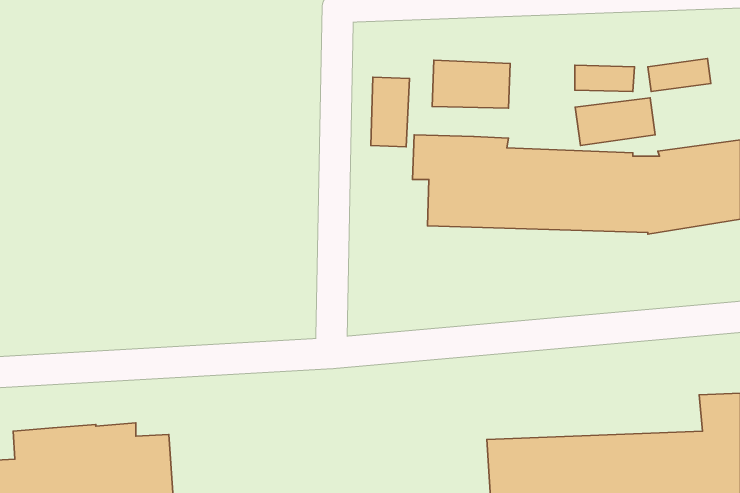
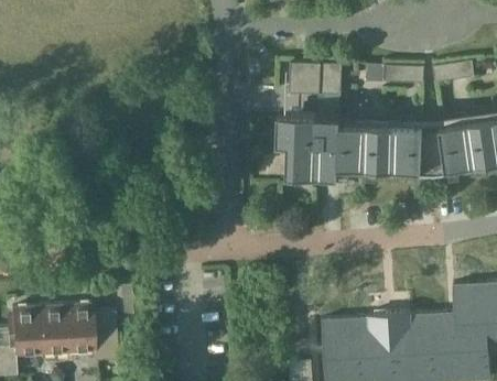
building: [371,77,409,147] -> none
building: [575,98,655,146] -> none

